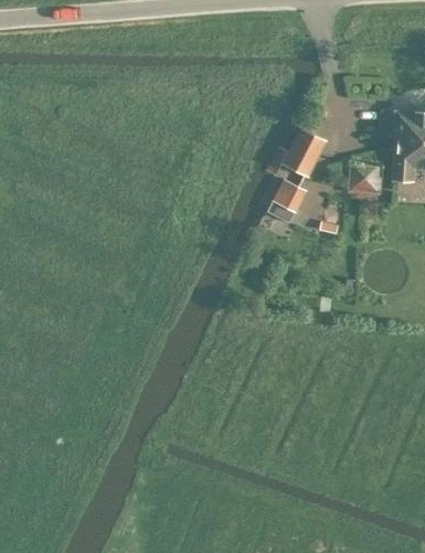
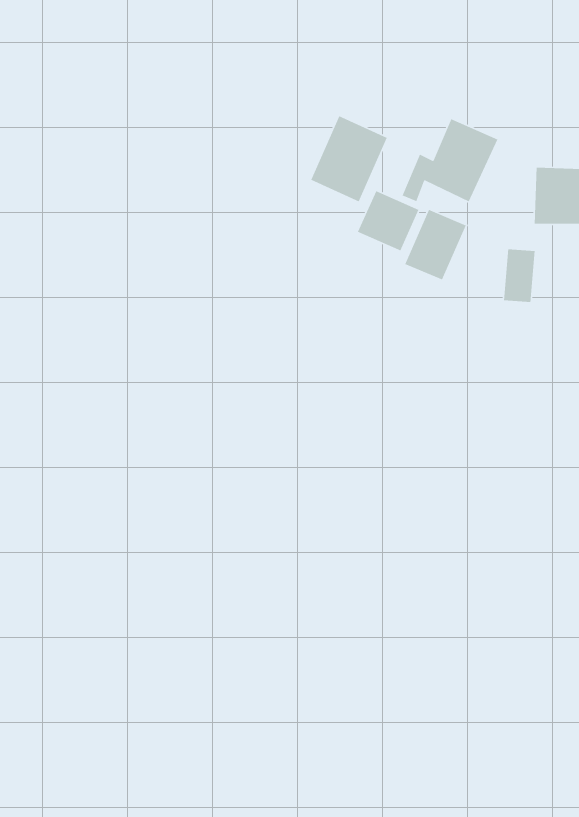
building: none -> [310,115,388,202]
building: none -> [357,190,420,251]

